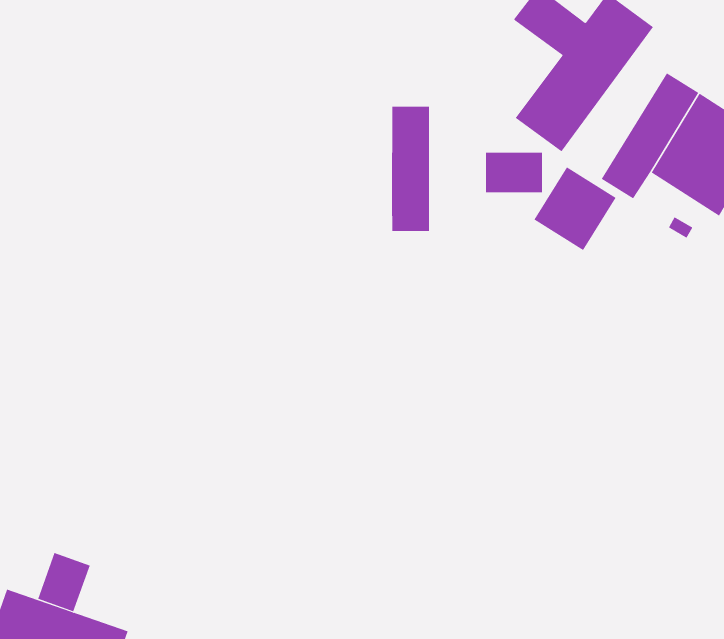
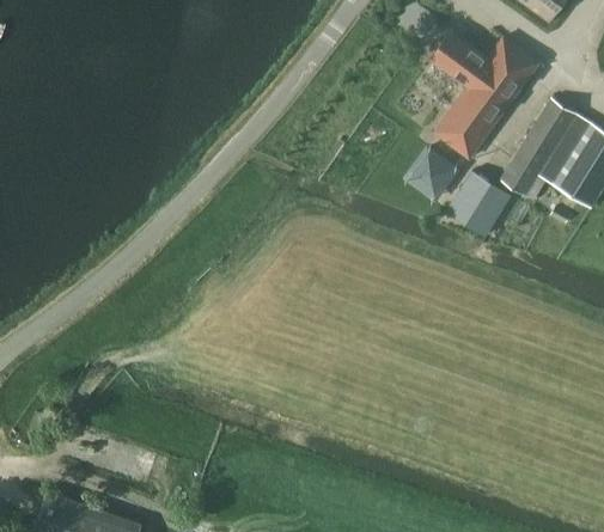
building: [391,106,429,232] -> none
building: [37,552,91,612] -> none

